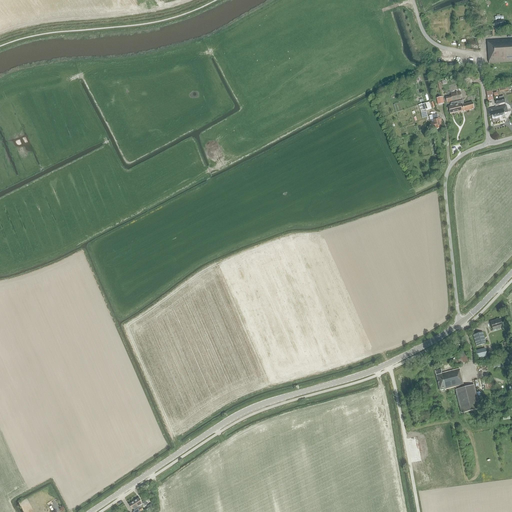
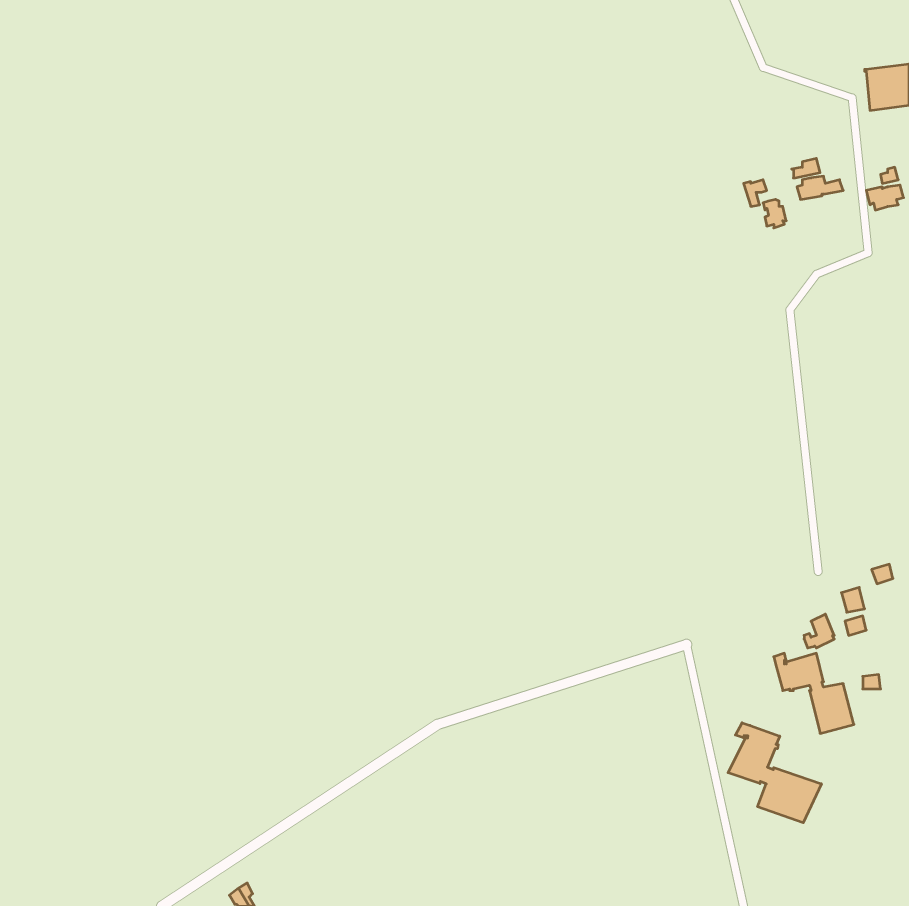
building: none -> [728,723,821,823]

